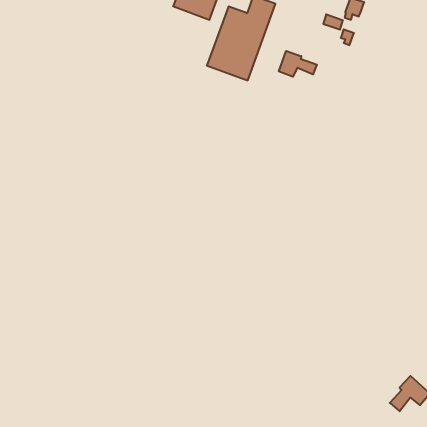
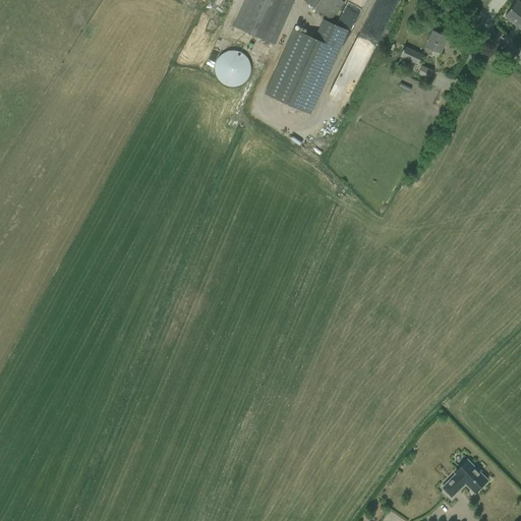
building: none -> [215,50,251,86]
building: [279,51,317,77] -> none

